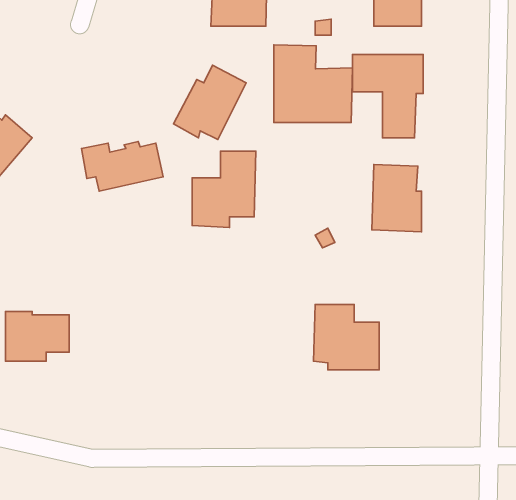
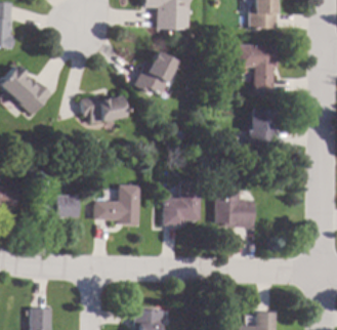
building: [274,45,352,123] -> none
building: [192,151,256,227] -> [163,182,200,226]
building: none -> [94,185,138,224]

